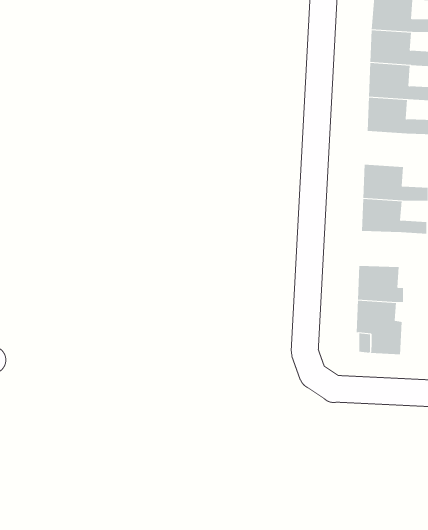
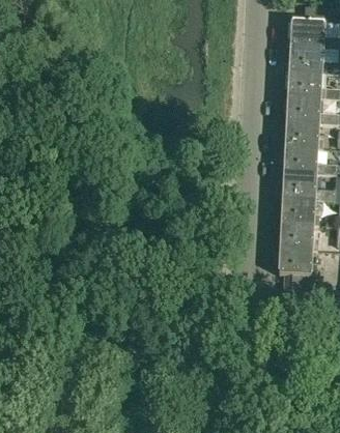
building: none -> [284,120,320,147]
building: none -> [280,196,316,223]

